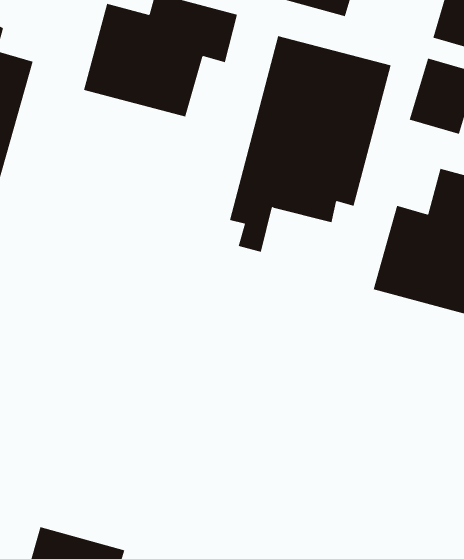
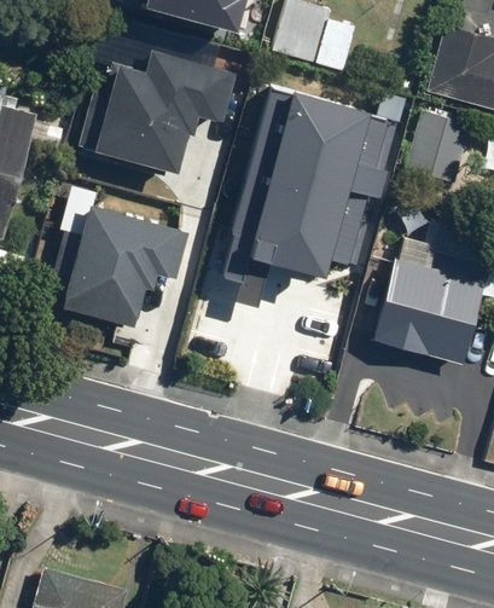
building: none -> [56,198,193,320]

